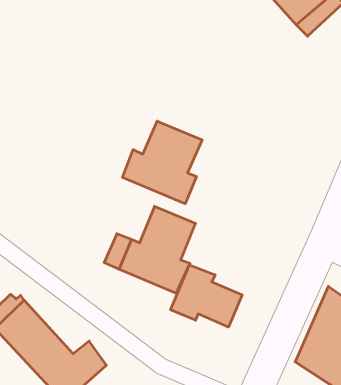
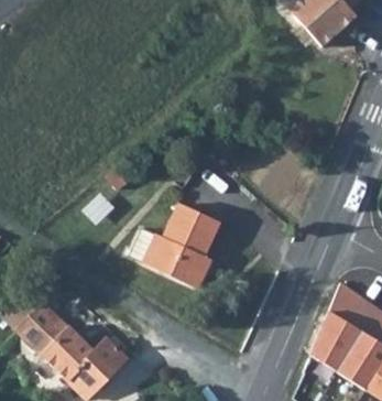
building: [123,121,202,204] -> none
building: [171,265,242,327] -> none

